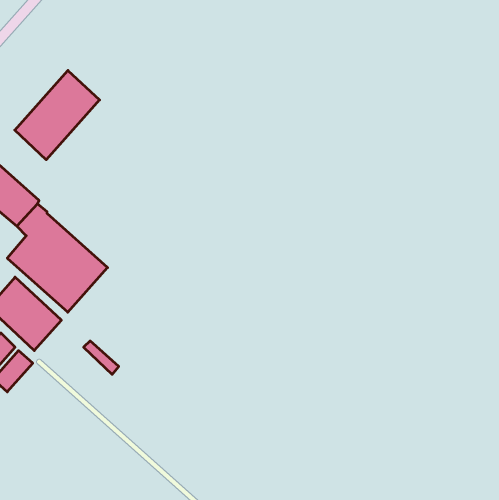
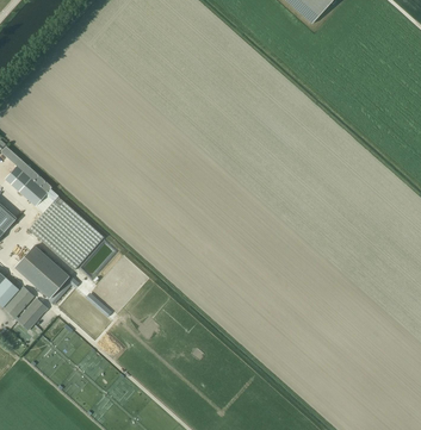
building: [15,70,100,160] -> none

